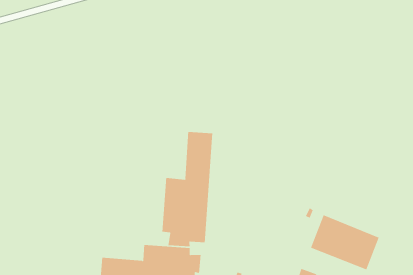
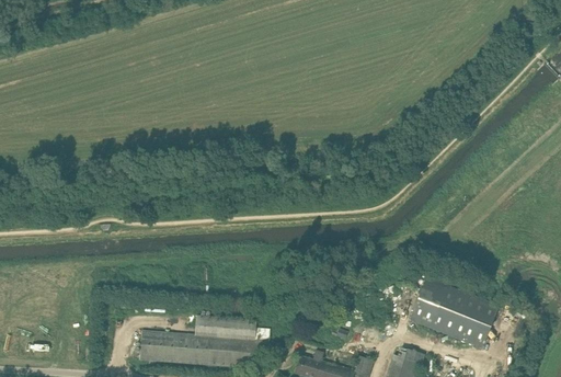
building: [162,131,213,247] -> none

